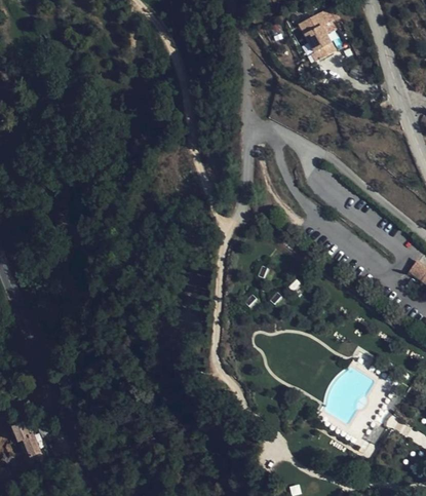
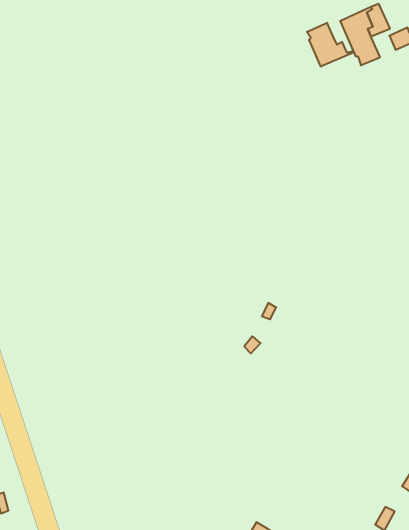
building: none -> [307,23,354,67]

